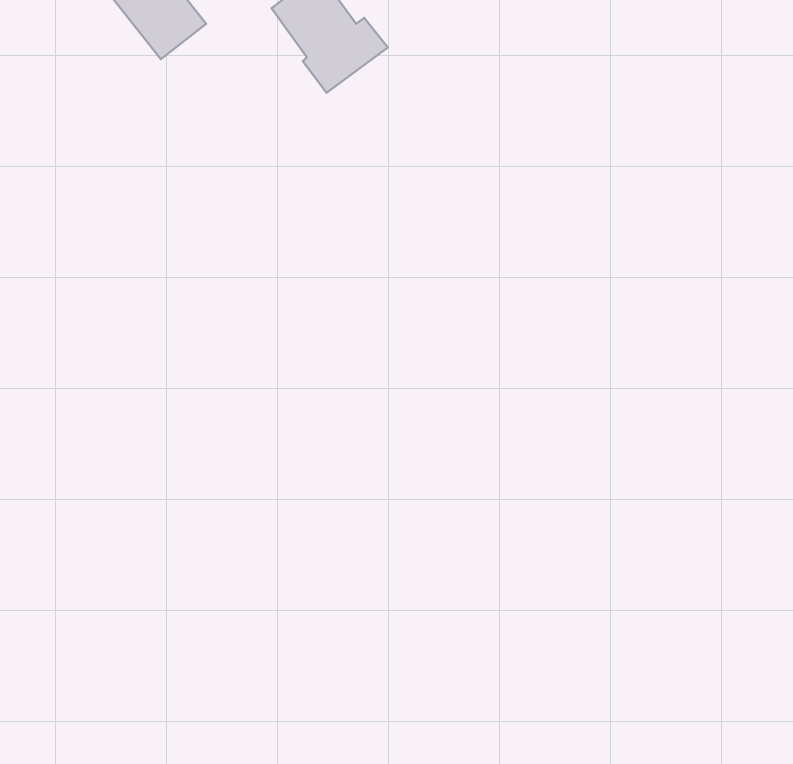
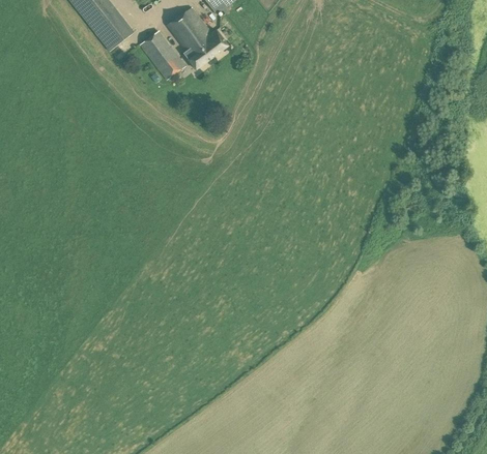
building: none -> [139,28,185,78]

